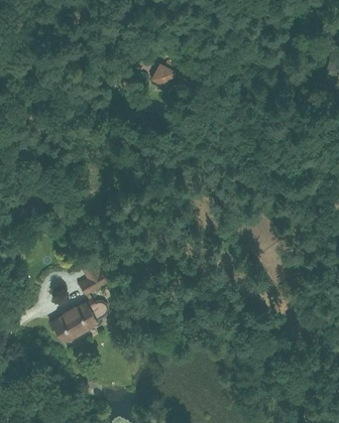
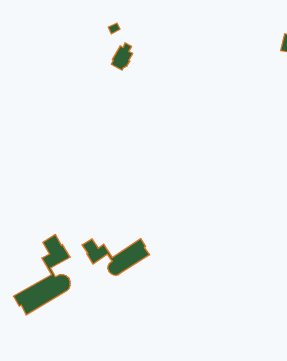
building: none -> [82,239,150,276]

